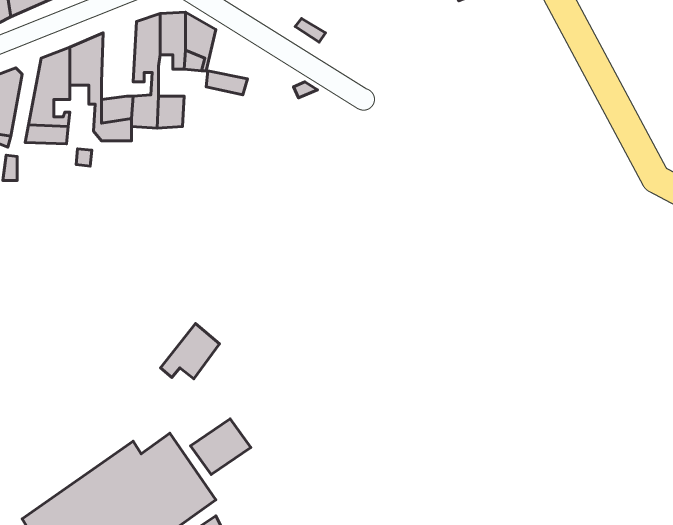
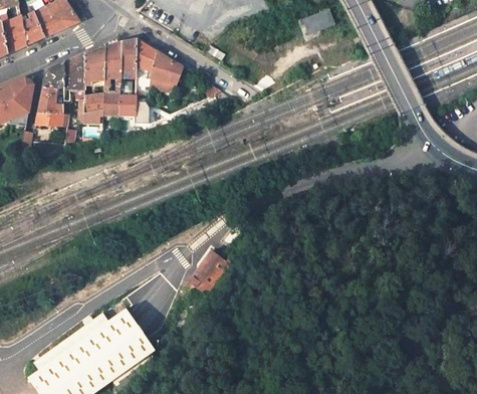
building: none -> [83,47,105,89]
building: none -> [150,52,183,83]
building: [161,323,219,379] -> [187,252,224,287]

